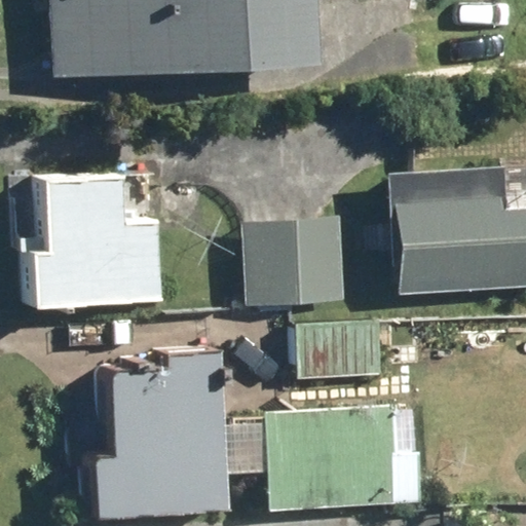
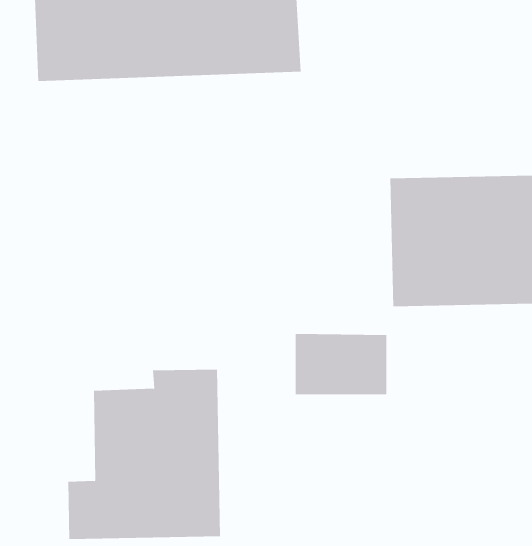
building: [20,174,160,305] -> none
building: [248,216,350,302] -> none
building: [261,405,421,509] -> none

